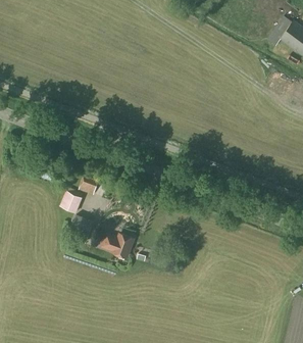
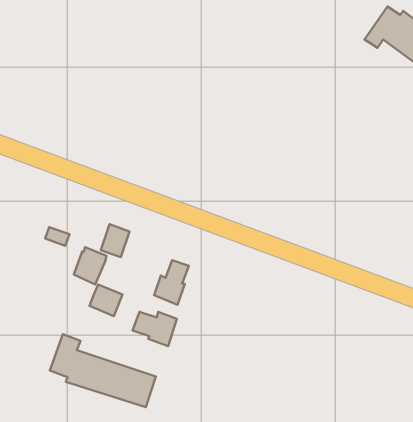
building: none -> [154,260,189,305]
building: none -> [50,334,156,407]

